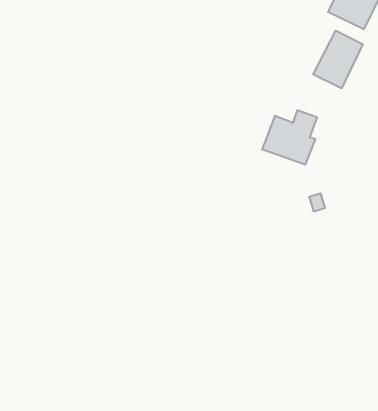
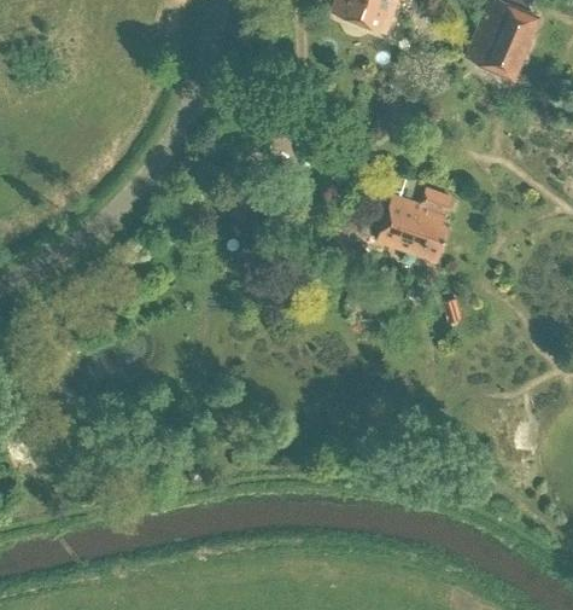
building: [313,31,363,88] -> none

